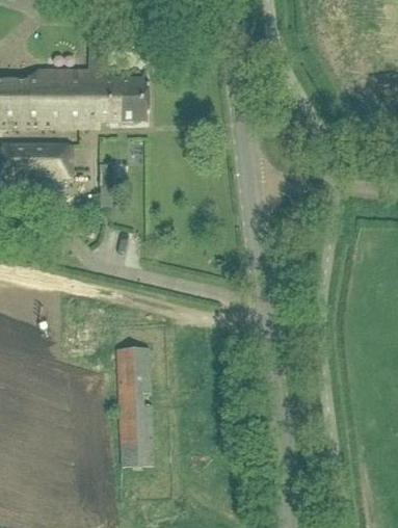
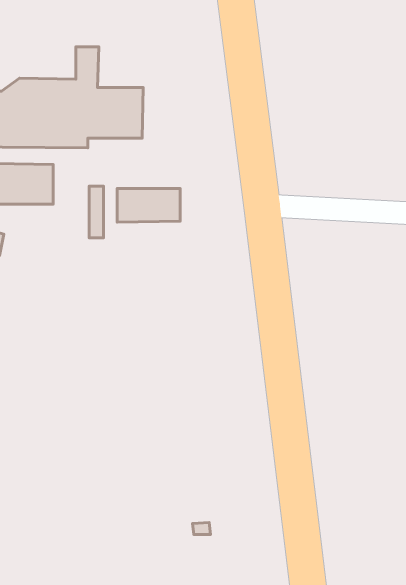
building: none -> [117,189,180,222]
building: [117,346,154,466] -> none

